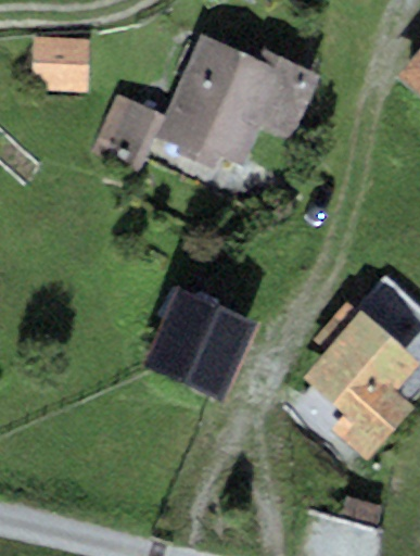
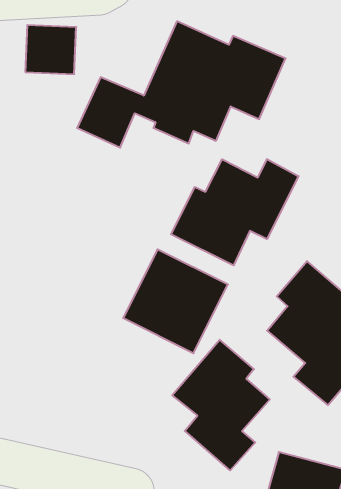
building: none -> [171,159,299,265]
building: none -> [172,340,270,470]

